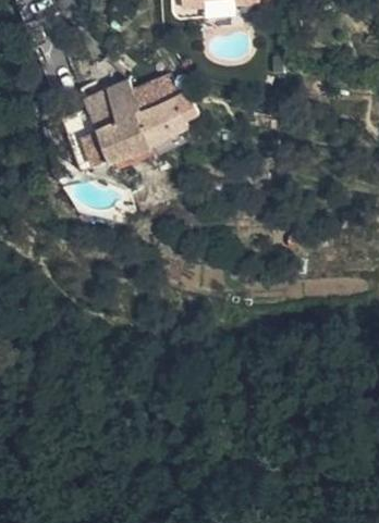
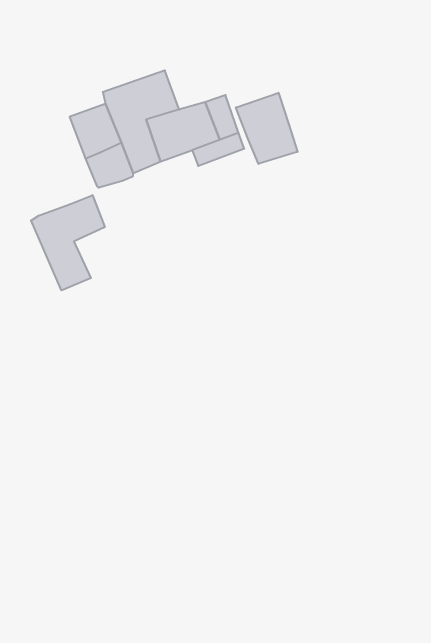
building: none -> [236,93,298,164]
building: none -> [31,195,105,290]

